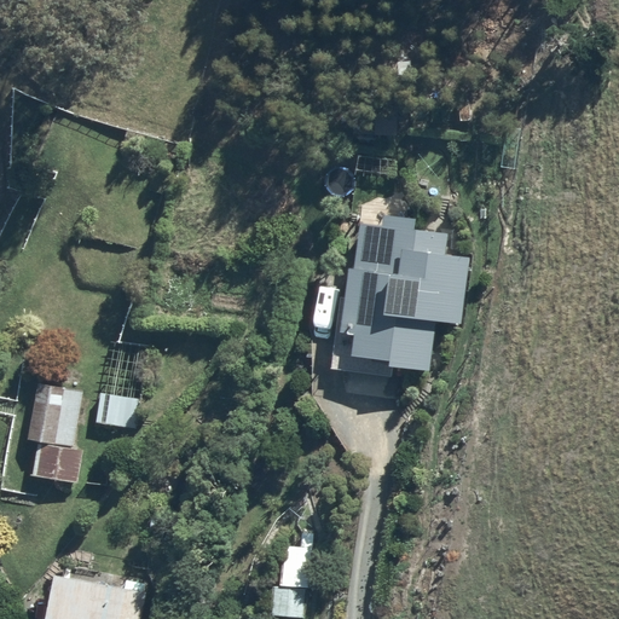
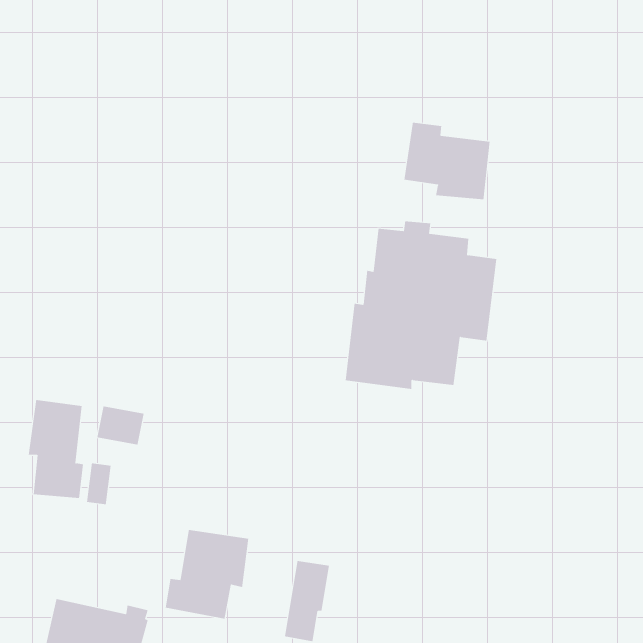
building: none -> [404,122,490,200]
building: none -> [165,529,249,619]

